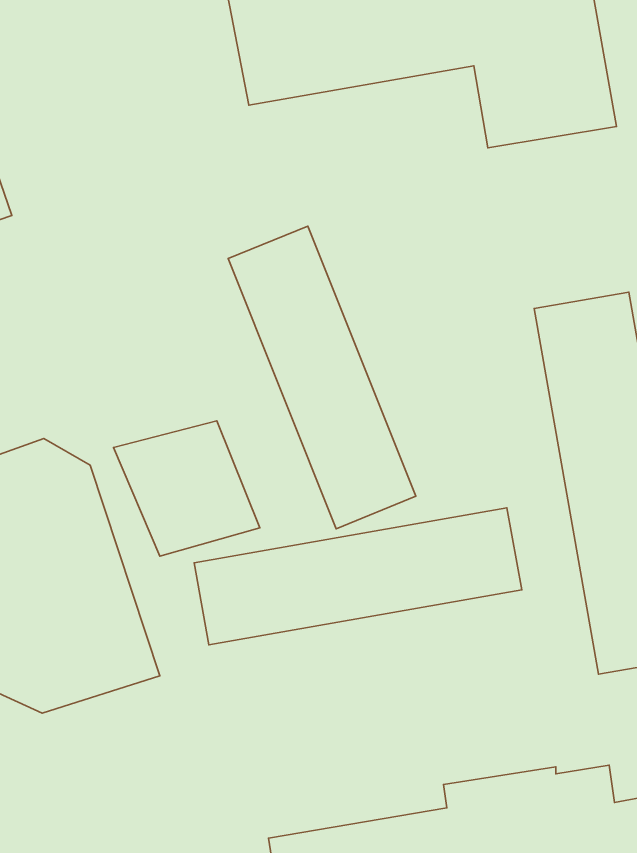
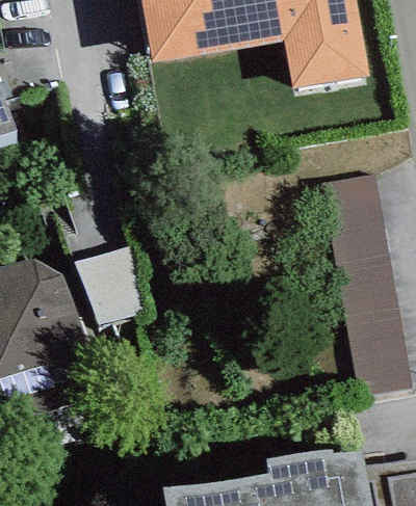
building: [228,226,416,529] -> none
building: [194,508,522,645] -> none

